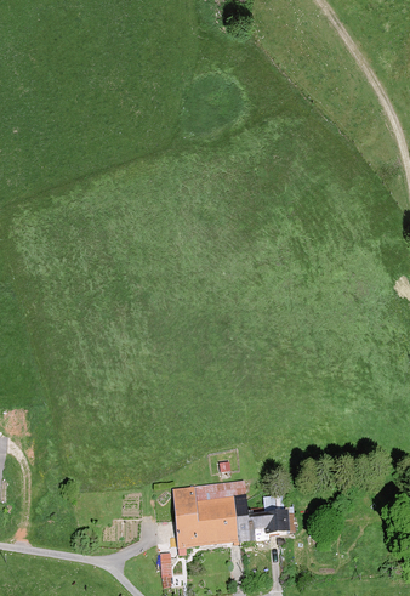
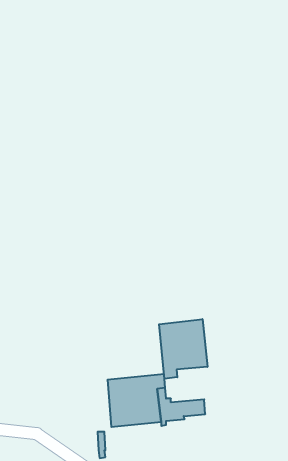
building: none -> [159,319,207,379]

